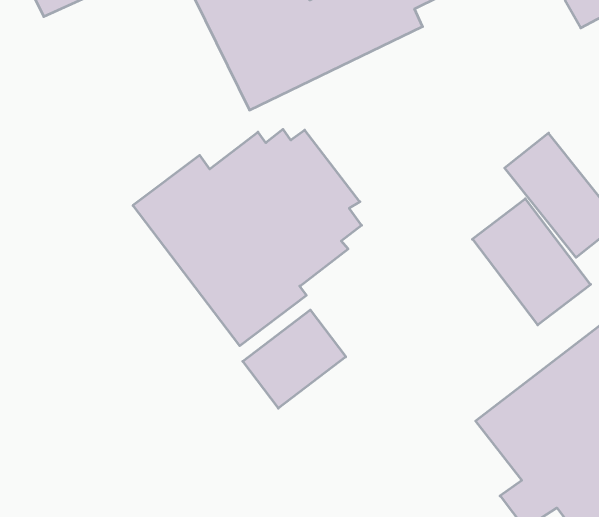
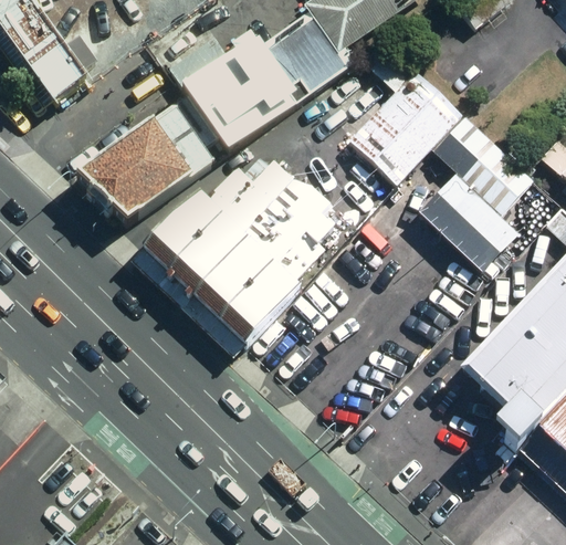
building: none -> [347,39,460,181]
building: none -> [73,99,216,216]
building: [243,310,346,408] -> none

